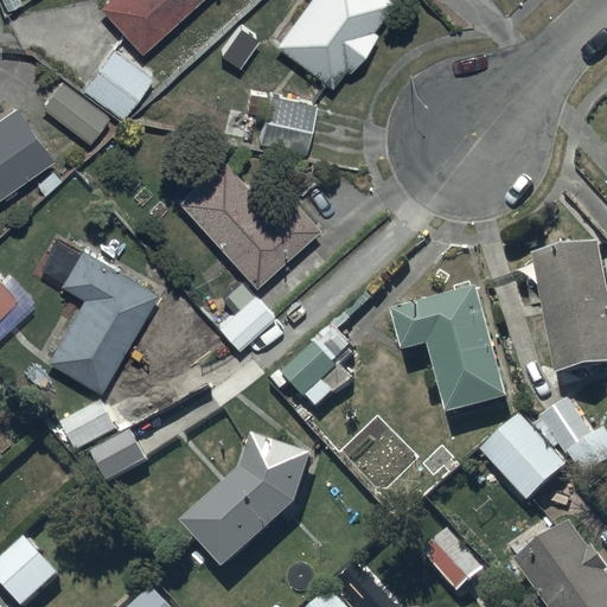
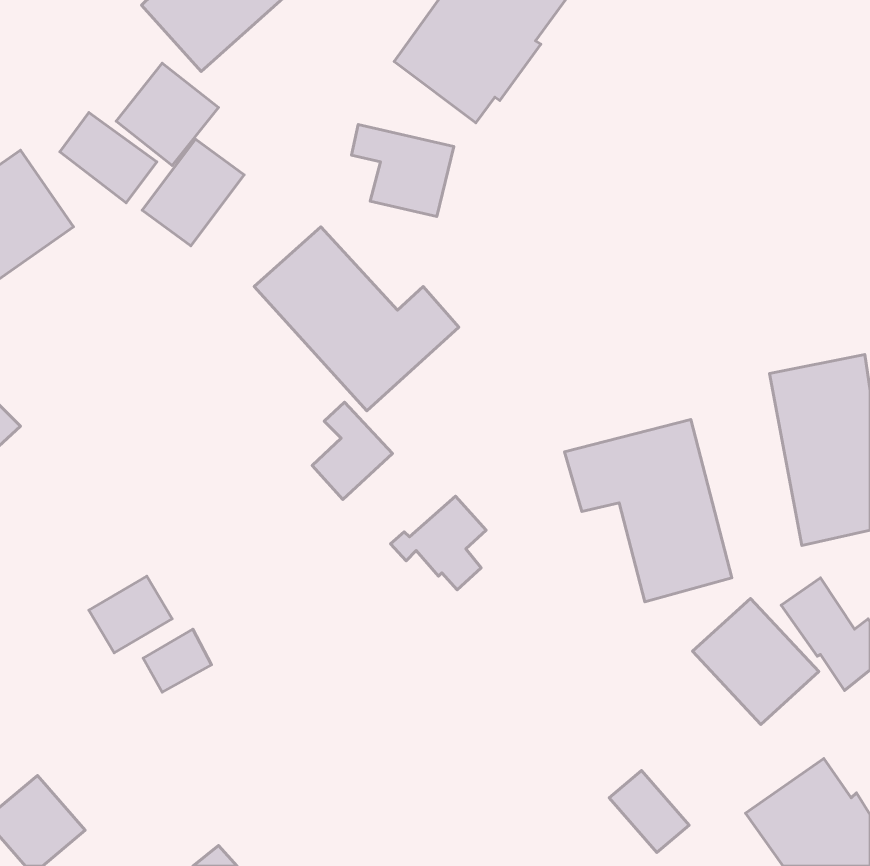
building: none -> [142,139,244,246]
building: [46,247,156,389] -> none
building: [183,436,315,573] -> none

